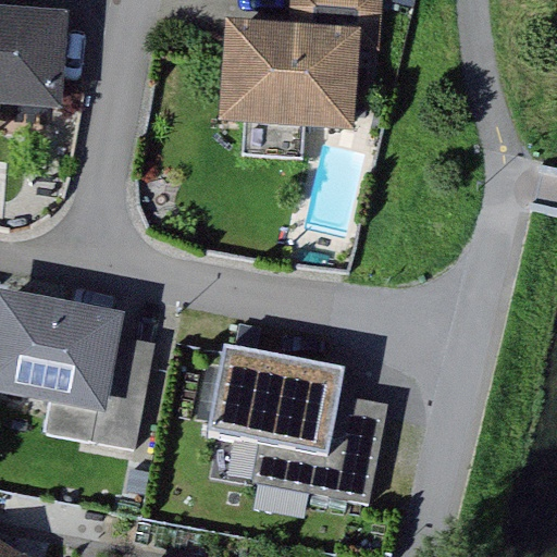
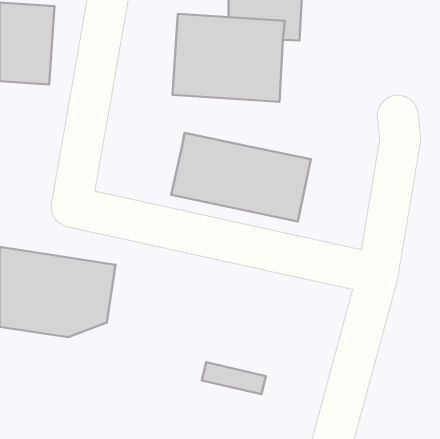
building: none -> [171,133,311,222]
building: [226,346,374,462] -> none

